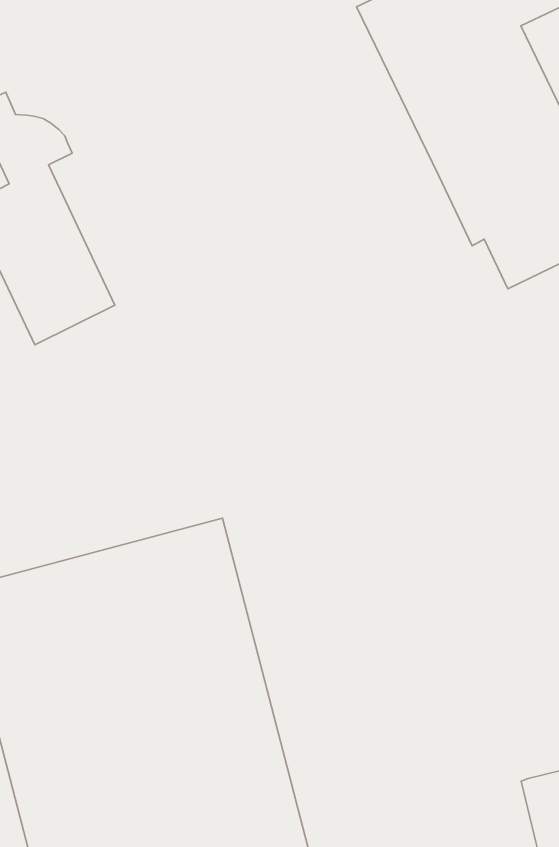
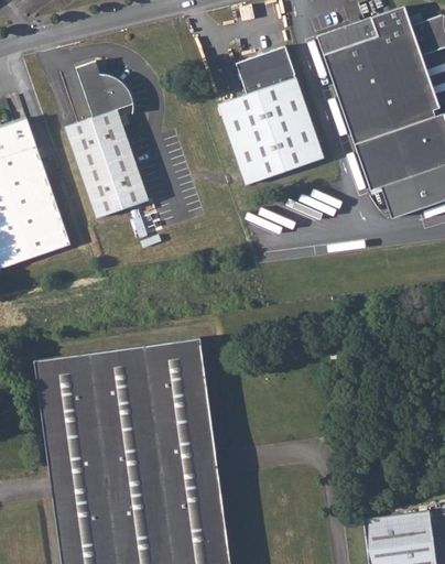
building: none -> [219,46,325,185]

